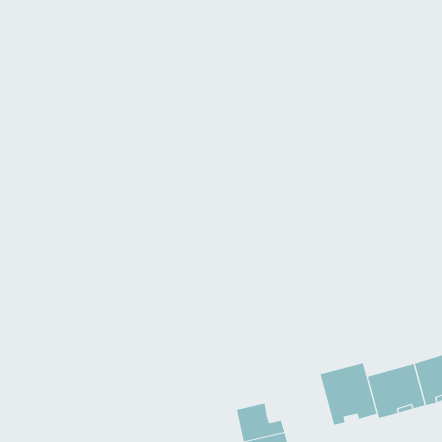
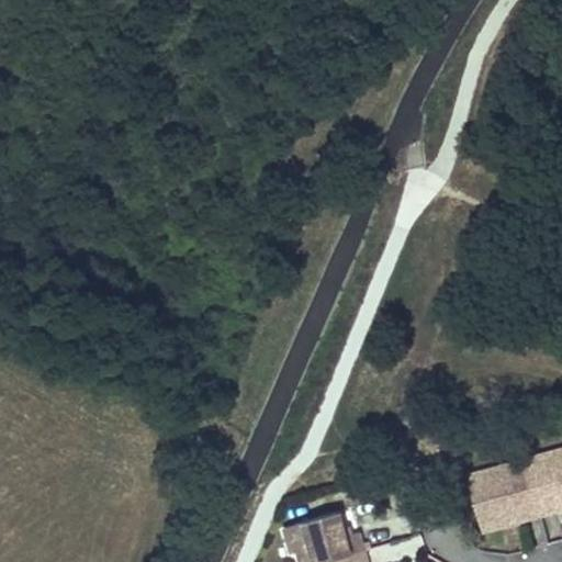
building: [320,362,377,426] -> none

